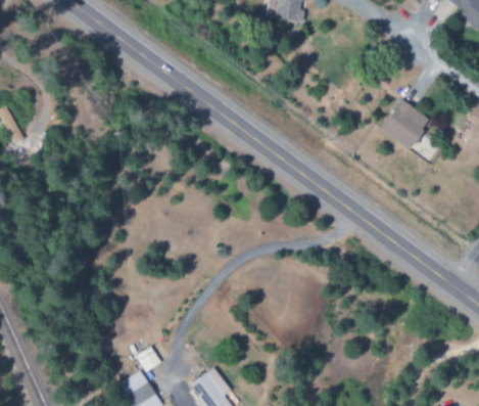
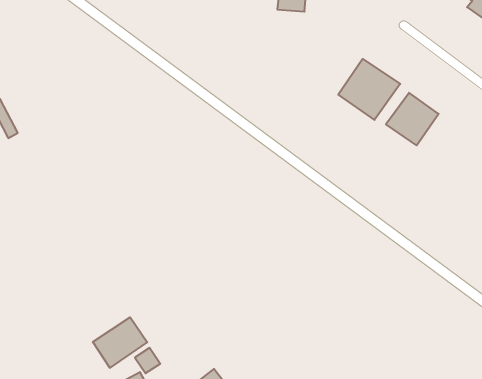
building: none -> [338,59,400,120]
building: none -> [93,317,147,368]

